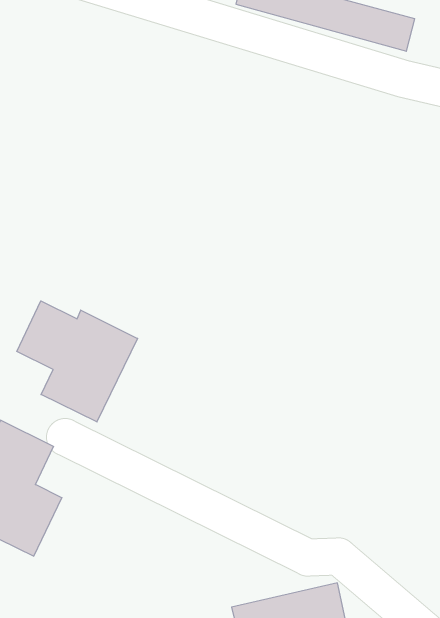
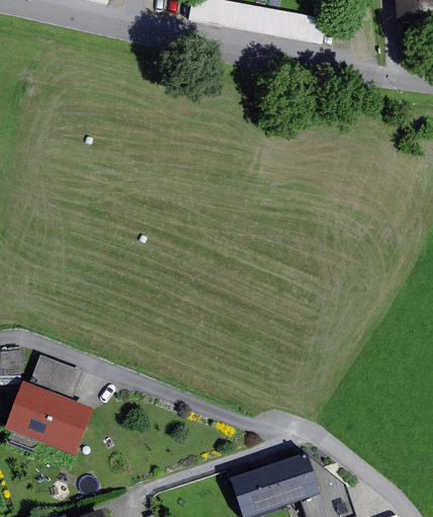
building: [17,301,138,422] -> none

